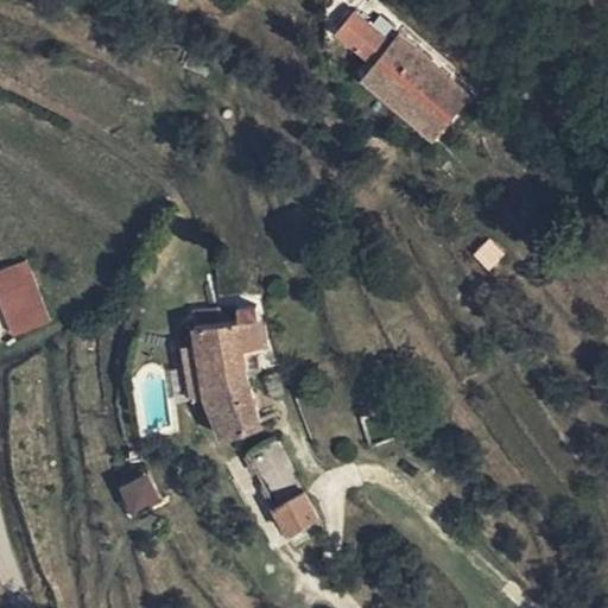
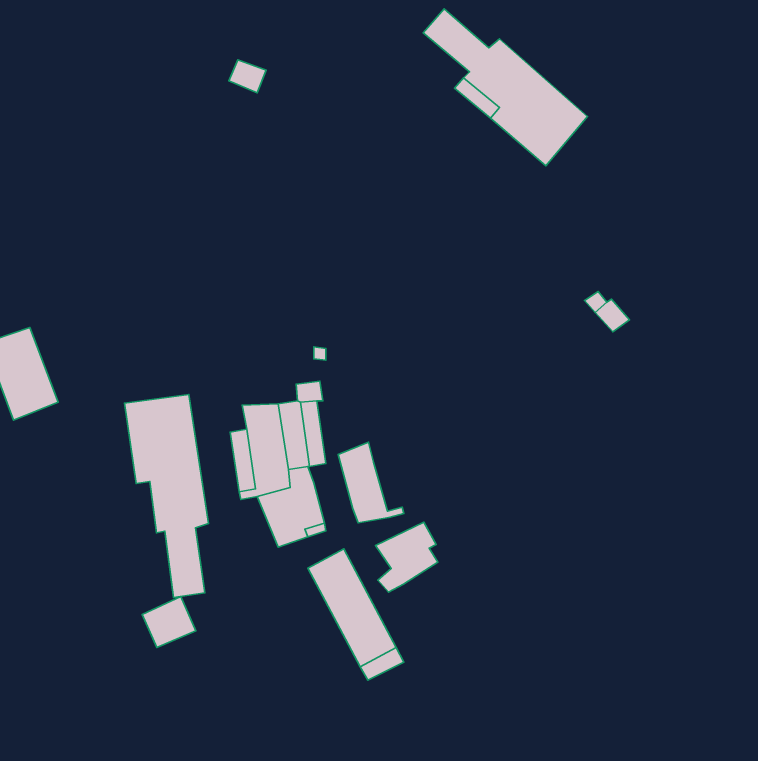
building: none -> [124,395,209,598]
building: none -> [338,442,404,523]
building: none -> [376,522,438,592]

